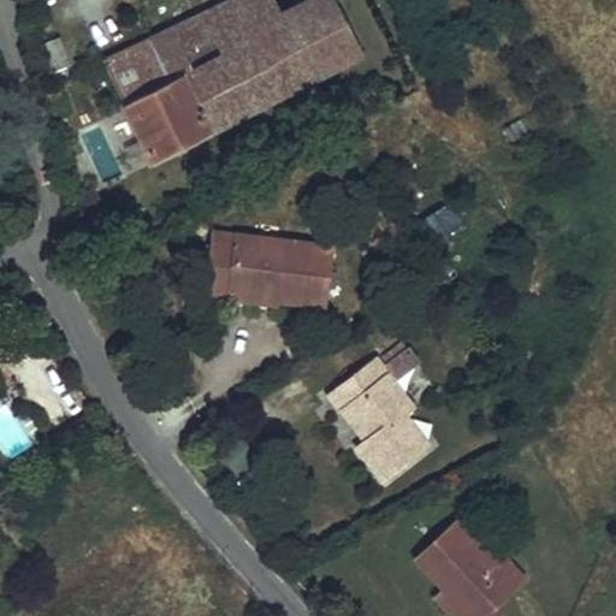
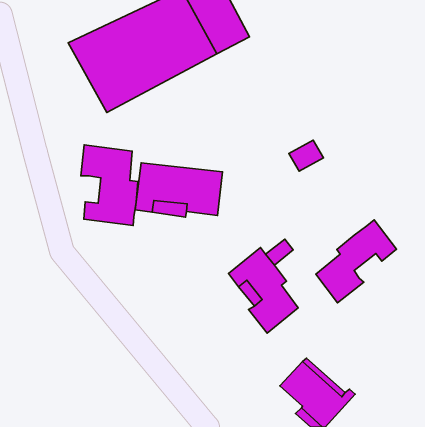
building: none -> [81,145,138,226]
building: none -> [316,220,396,303]

